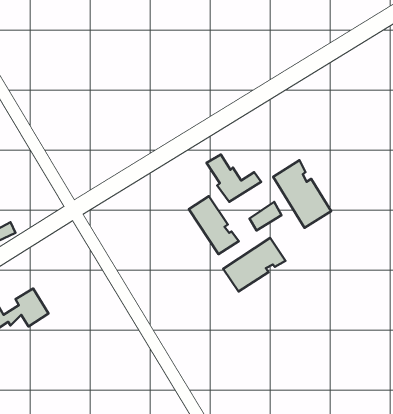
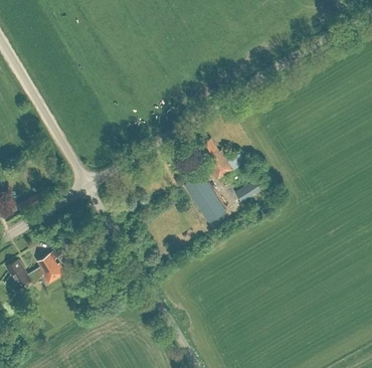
building: [273,160,331,228] -> none
building: [223,238,285,292] -> none

